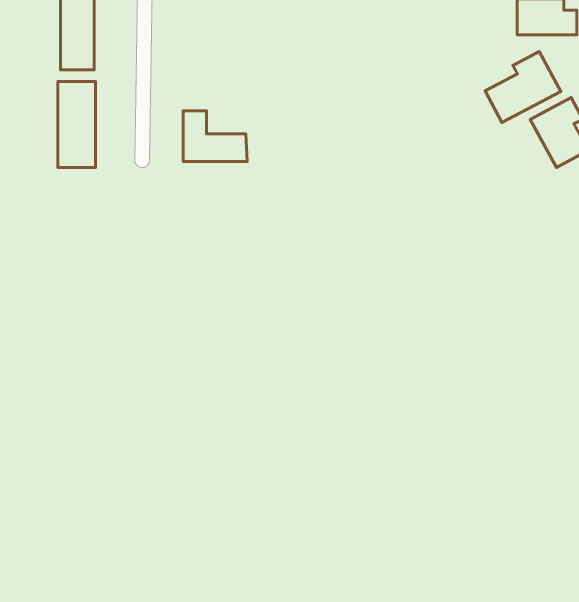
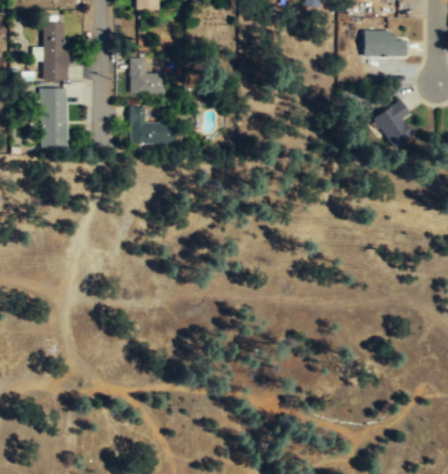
building: none -> [130,60,164,94]
building: [485,51,561,123] -> none

